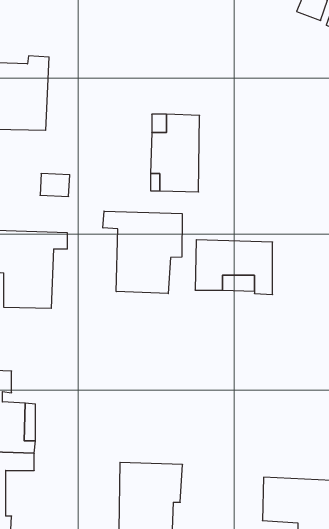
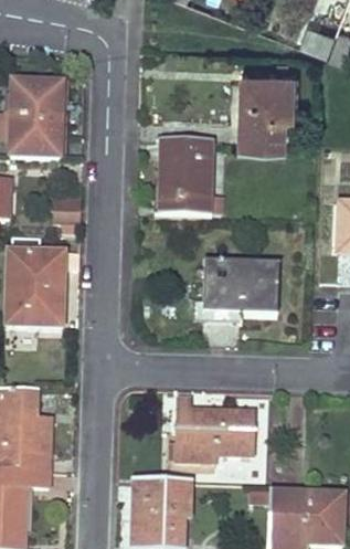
building: none -> [241,70,291,140]
building: [103,211,182,294] -> none
building: none -> [177,394,253,460]

